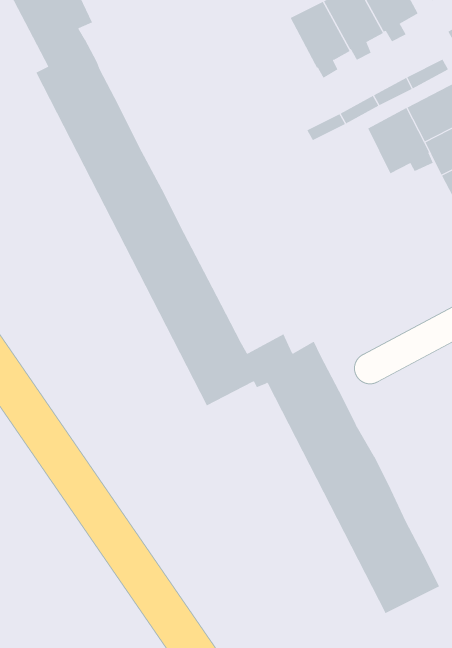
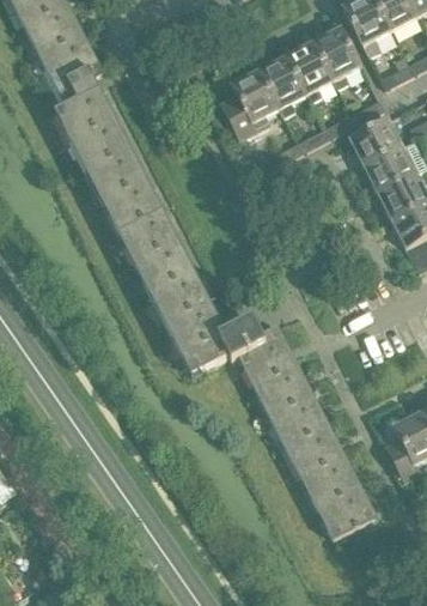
building: none -> [221,69,280,141]
building: [367,107,434,174] -> none

